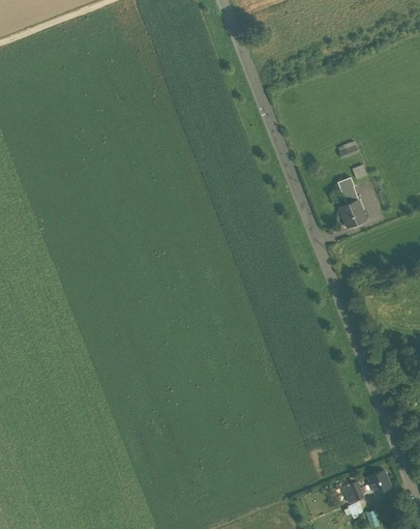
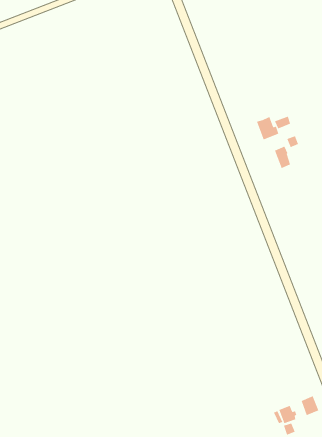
building: [338,199,365,228] -> [256,115,279,140]

